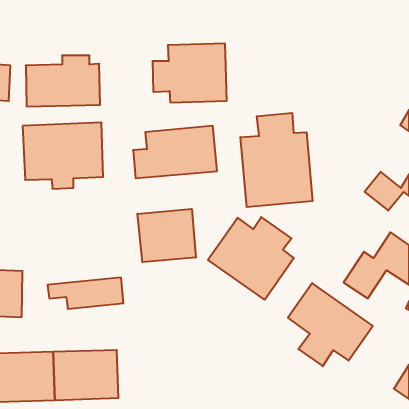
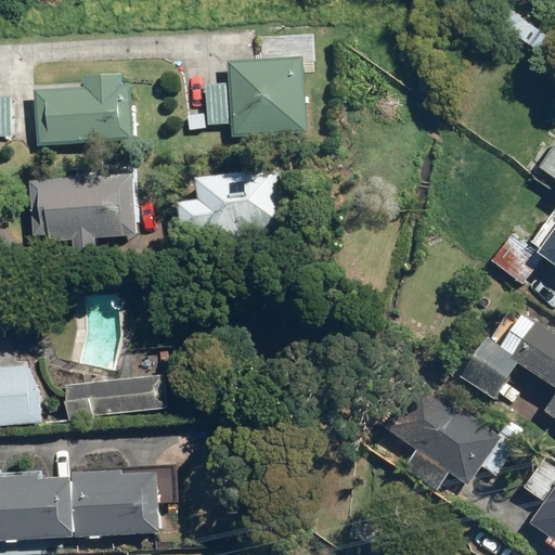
building: [240,113,313,207] -> none
building: [137,209,196,262] -> none
building: [208,217,294,300] -> none

